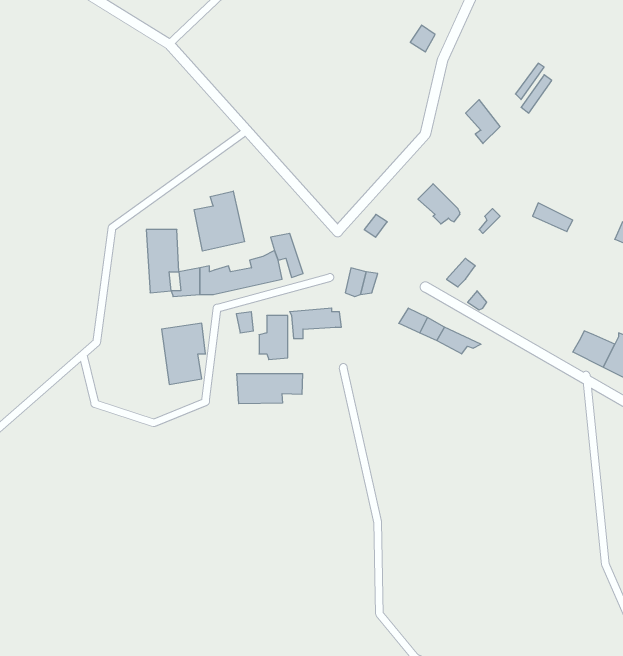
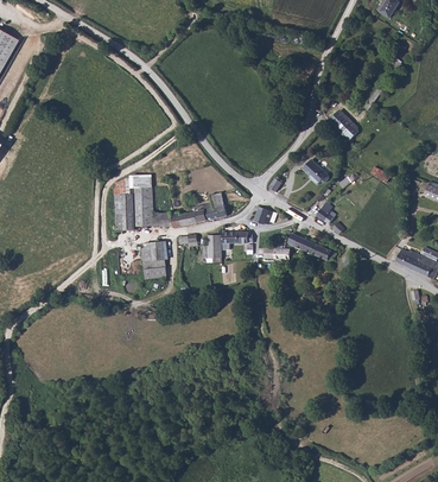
building: [194,191,244,251] -> none
building: [237,374,303,404] -> none

